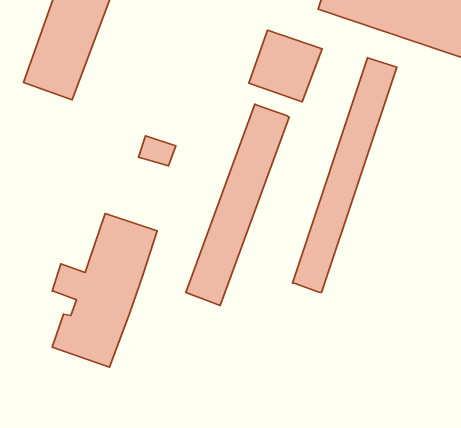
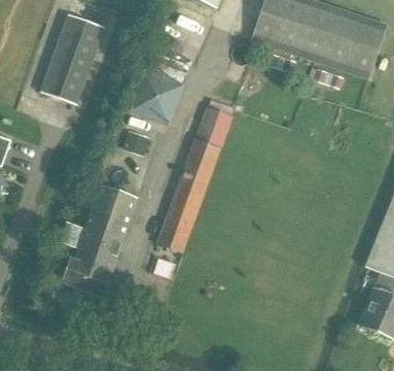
building: [249,30,322,102] -> [131,71,183,123]
building: [292,58,397,292] -> none

